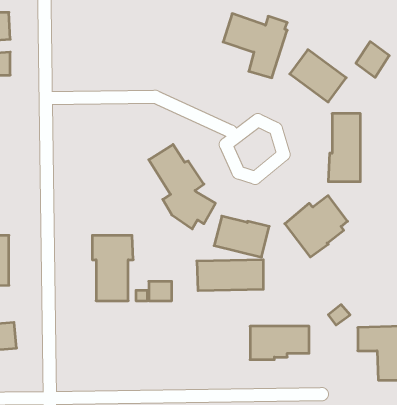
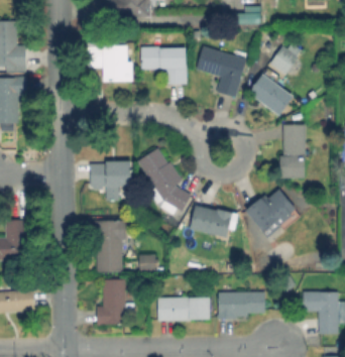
building: none -> [87,45,131,81]
building: none -> [141,46,186,84]
building: [356,42,389,77] -> [270,45,297,74]
building: none -> [89,161,129,201]
building: [197,260,263,291] -> [157,296,210,321]
building: none -> [97,279,134,325]

